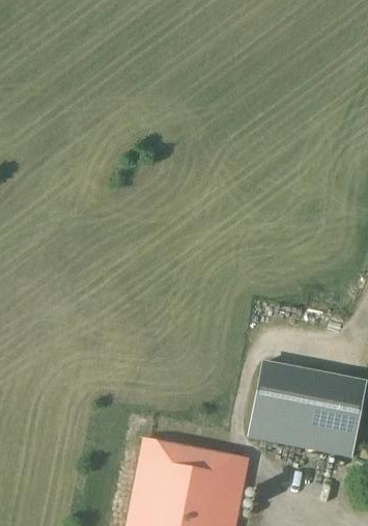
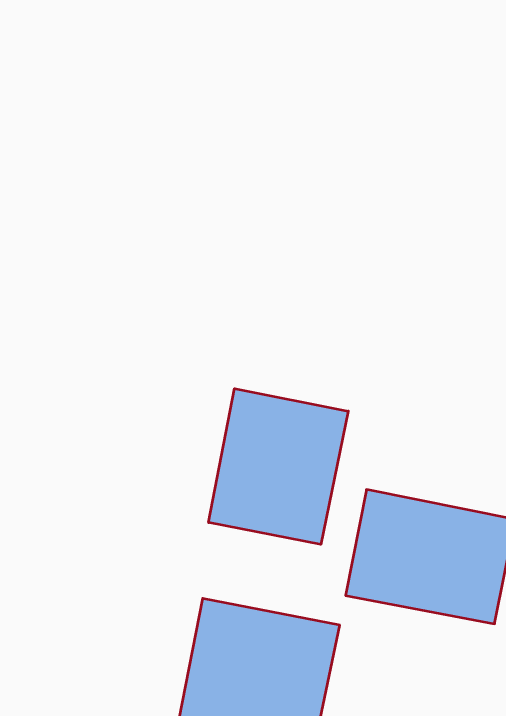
building: none -> [209,389,348,544]

